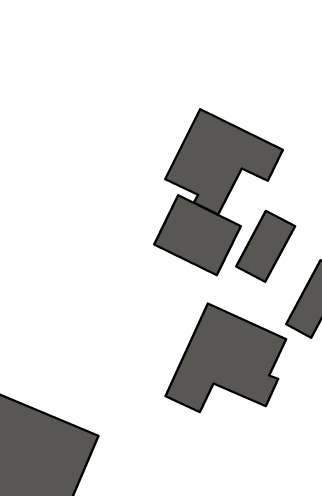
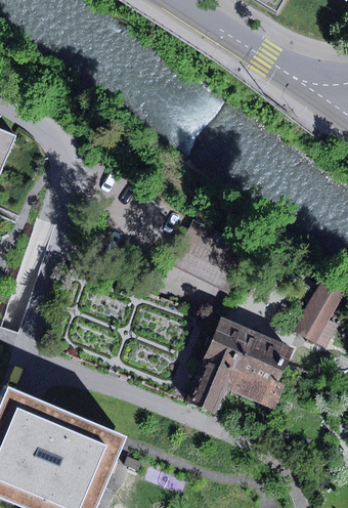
building: [165,109,283,215] -> none
building: [236,211,295,282] -> none

